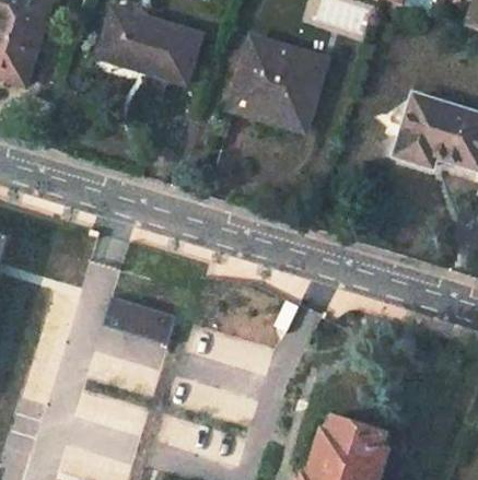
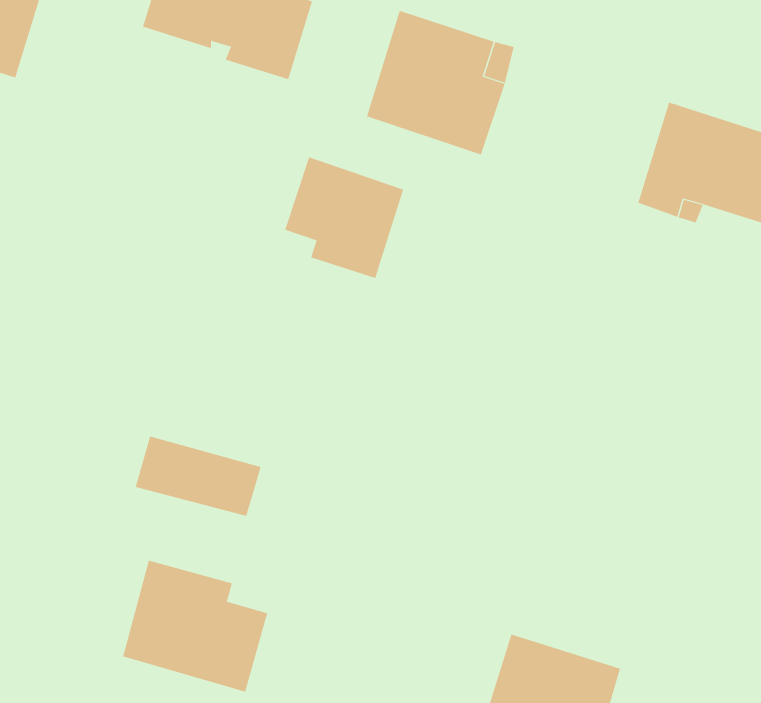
building: none -> [285,157,404,279]
building: none -> [122,560,268,693]

